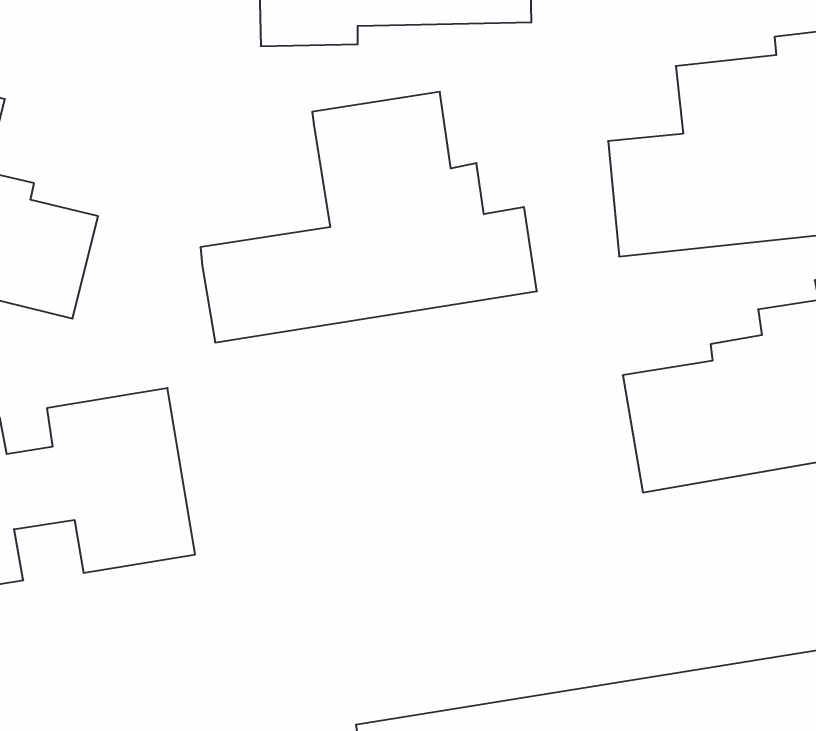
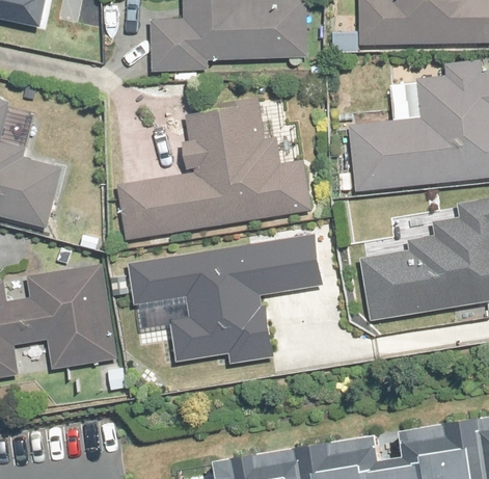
building: none -> [127,235,324,365]

